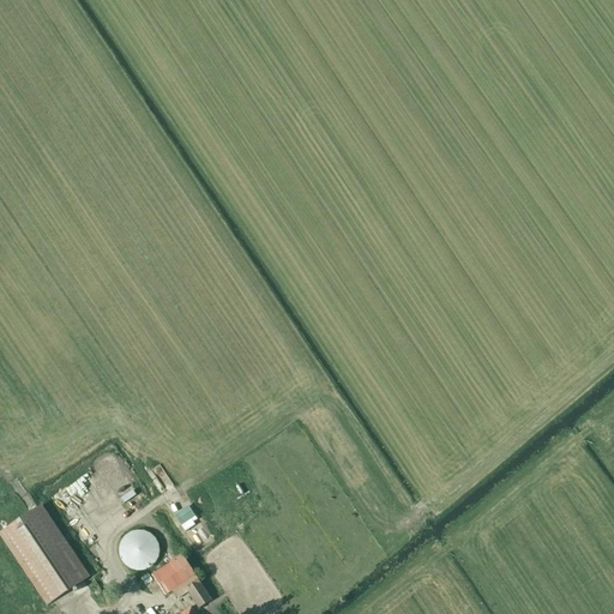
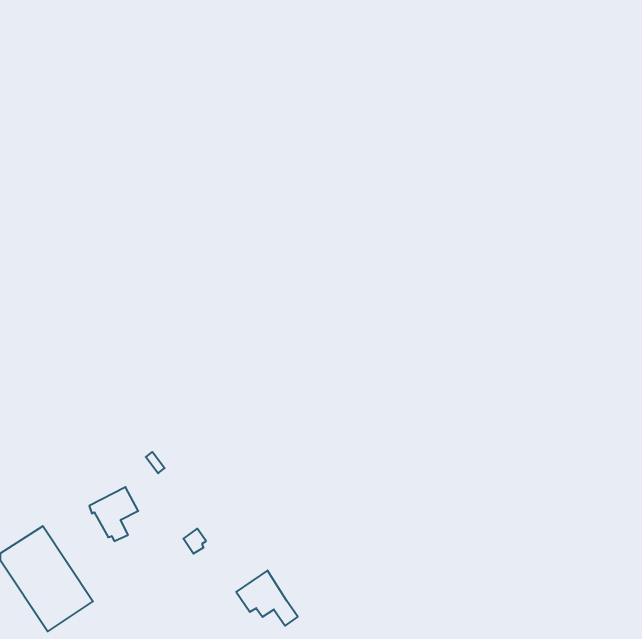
building: [119,529,158,568] -> none
building: [152,553,211,606] -> [236,570,298,626]

